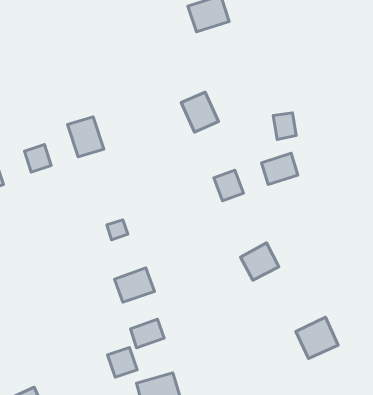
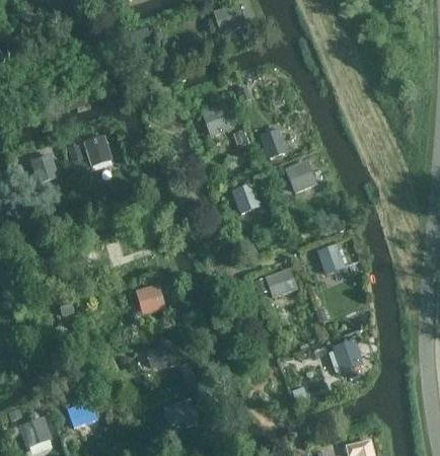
building: [273,113,296,139] -> [262,130,286,158]
building: none -> [317,243,346,275]
building: [108,348,137,377] -> none

